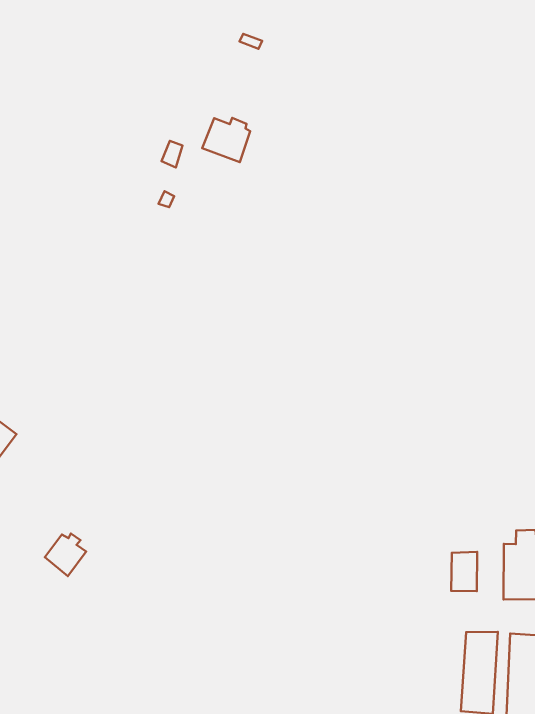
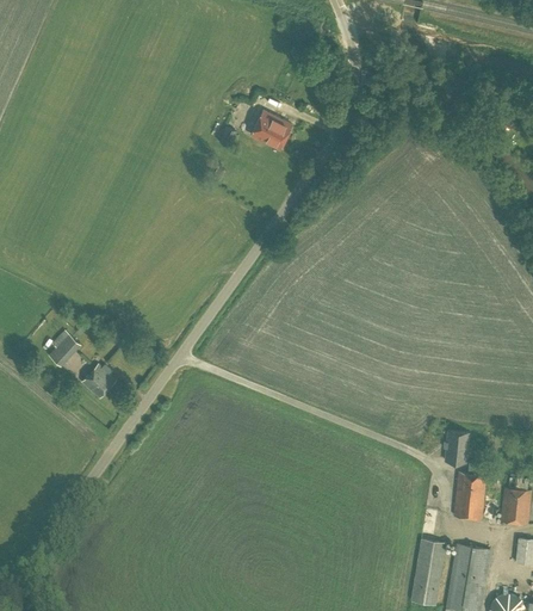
building: [45,533,86,576] -> [82,365,116,399]
building: [451,552,477,591] -> [445,432,469,464]

